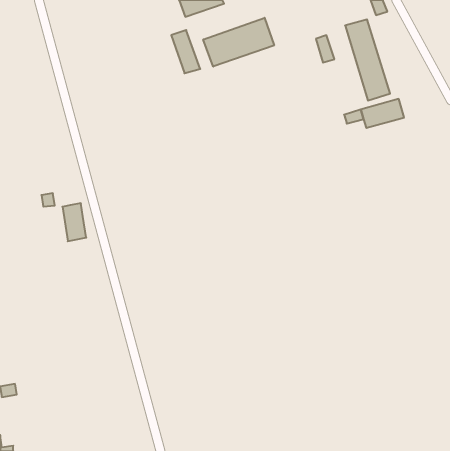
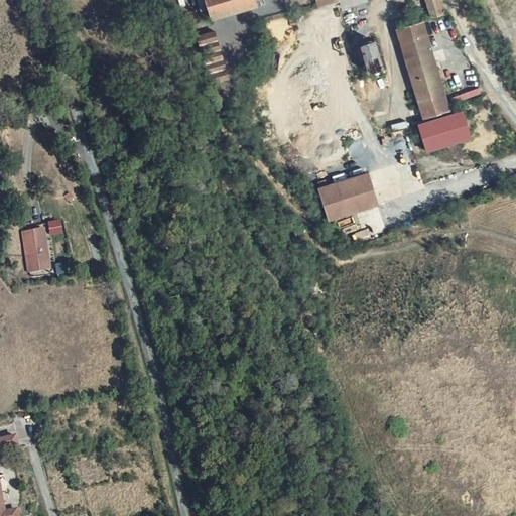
building: [203,18,274,67] -> none
building: none -> [320,174,378,218]
building: [62,203,86,241] -> [23,229,50,272]

